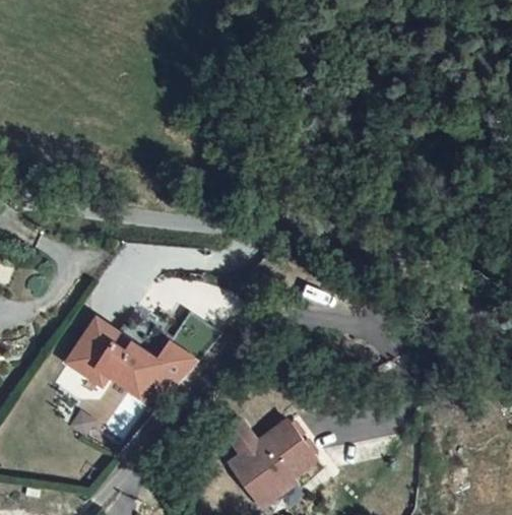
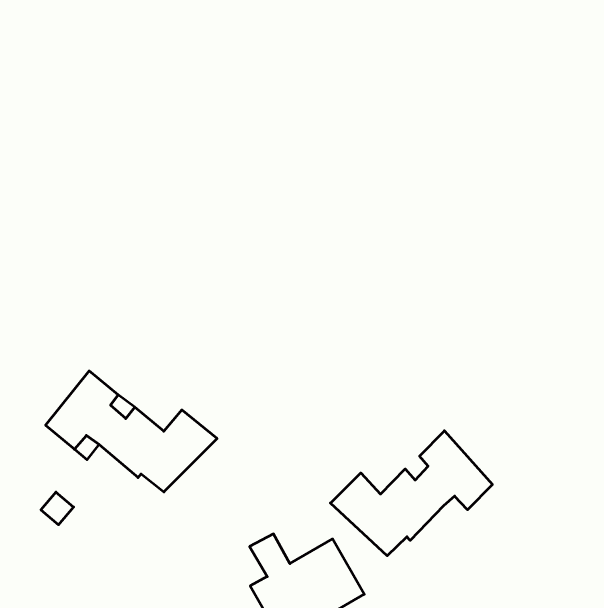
building: none -> [330,431,492,556]

